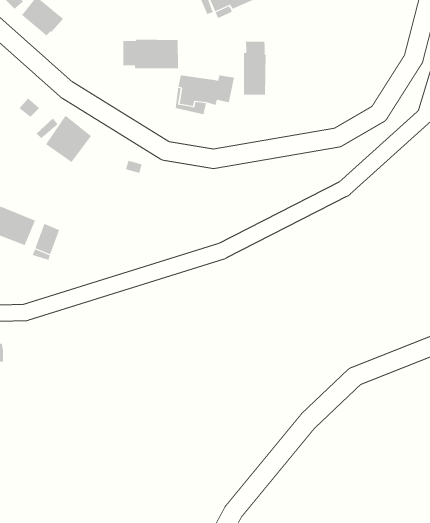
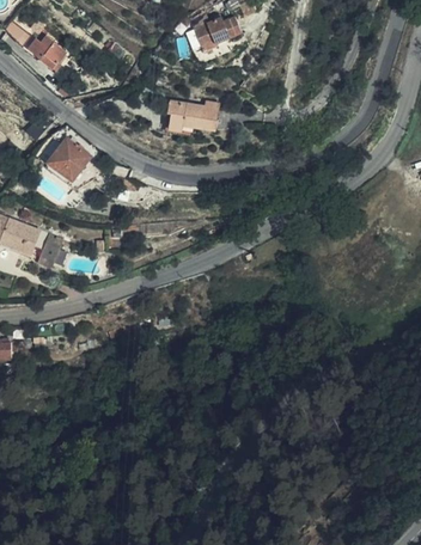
building: [123,39,178,69] -> none
building: [243,41,266,95] -> none

